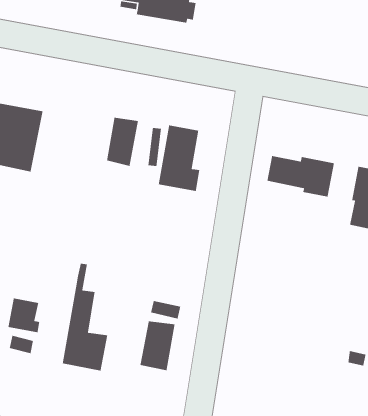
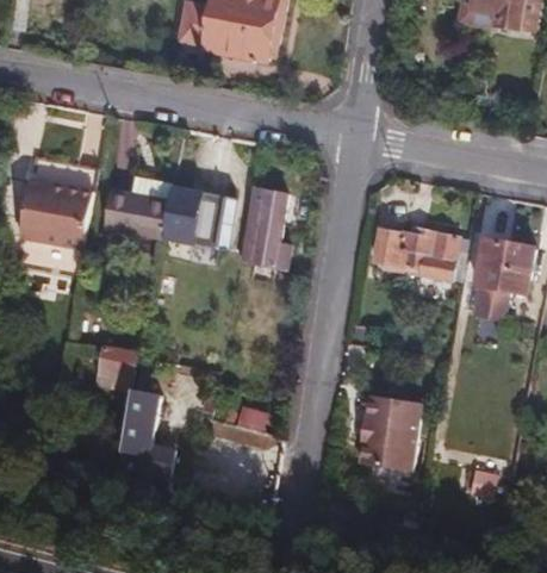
building: none -> [100,181,168,243]
building: none -> [362,394,422,469]
building: [7,298,40,333] -> [95,347,136,391]
building: [140,320,175,371] -> none

